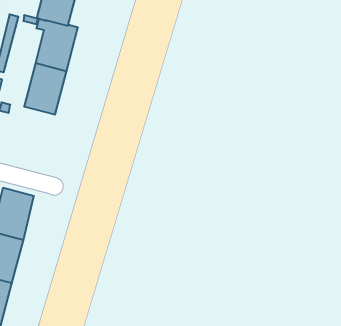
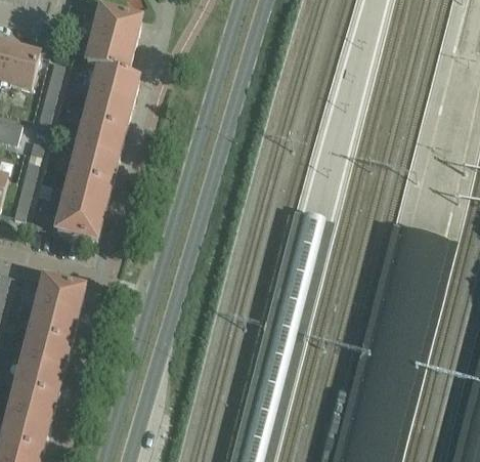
building: none -> [55,174,108,240]

